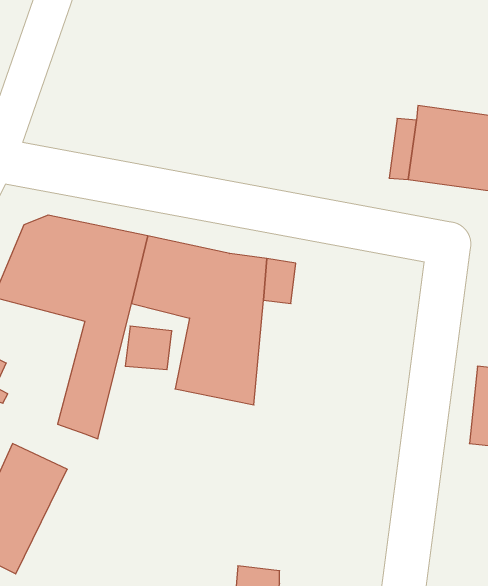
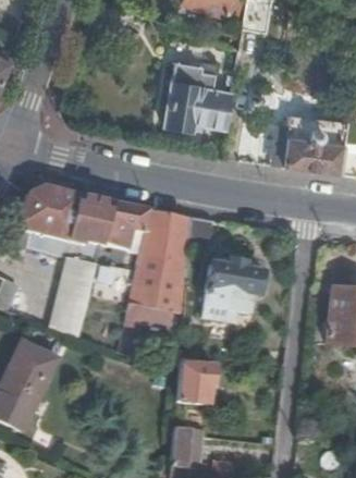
building: none -> [168,60,234,128]
building: none -> [204,258,268,311]
building: none -> [174,364,213,405]

